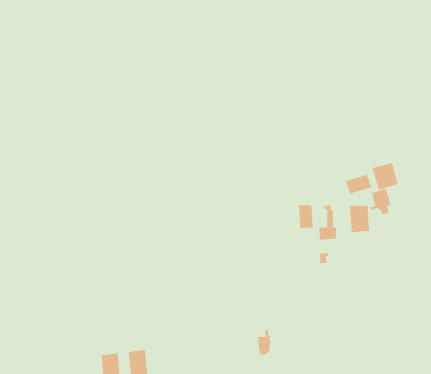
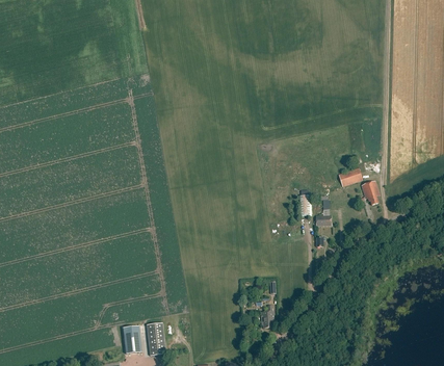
building: [372,162,399,190] -> none
building: [350,205,369,233] -> none

